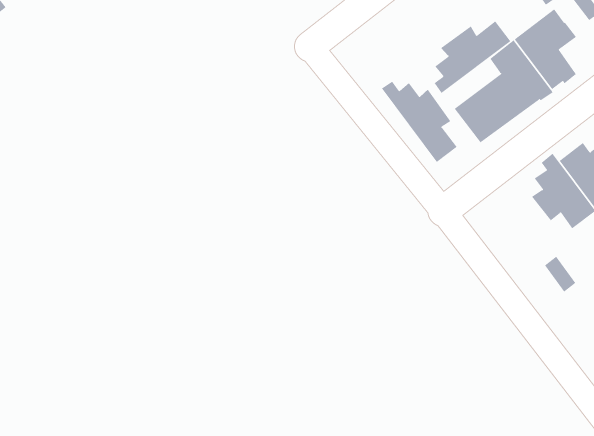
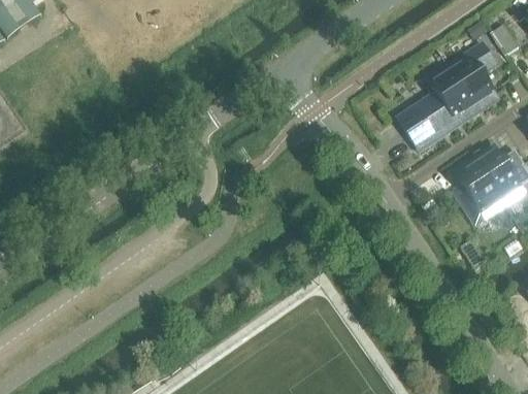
building: [434,20,511,94] -> none
building: [381,81,458,163] -> none

